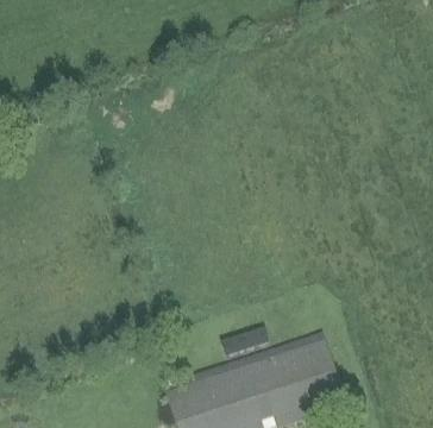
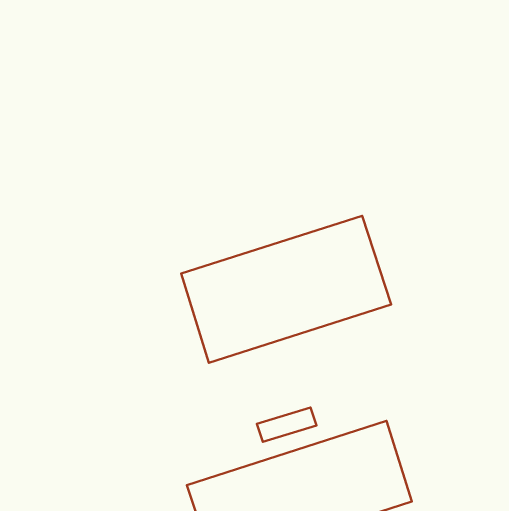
building: none -> [181,216,391,363]

